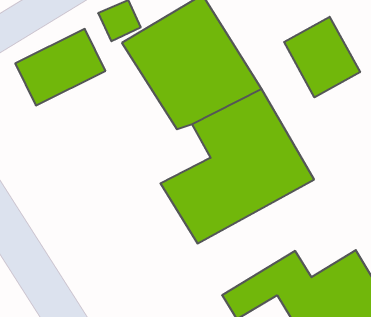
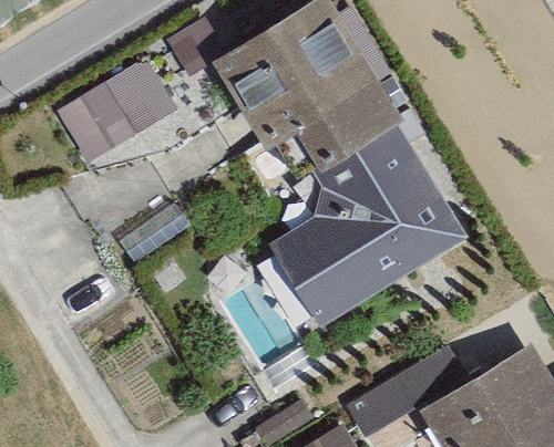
building: [284,17,360,97] -> none

